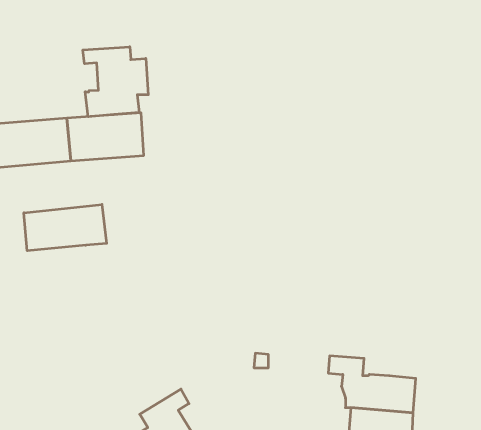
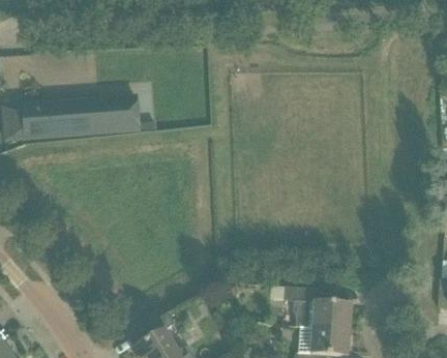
building: [83,47,148,117] -> none
building: [24,204,107,251] -> none

